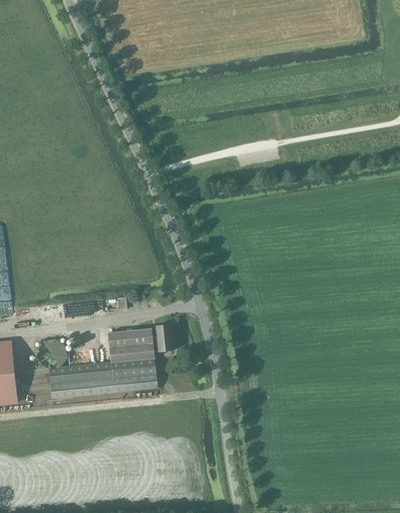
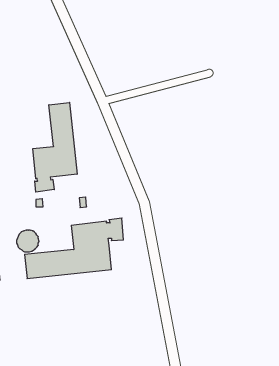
building: none -> [33,102,77,192]

